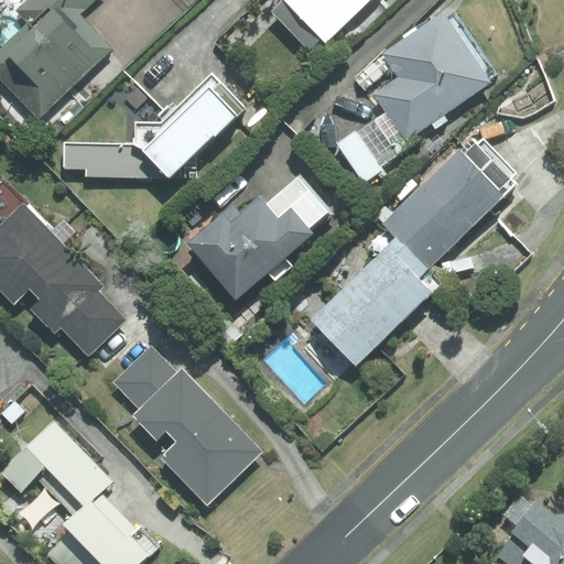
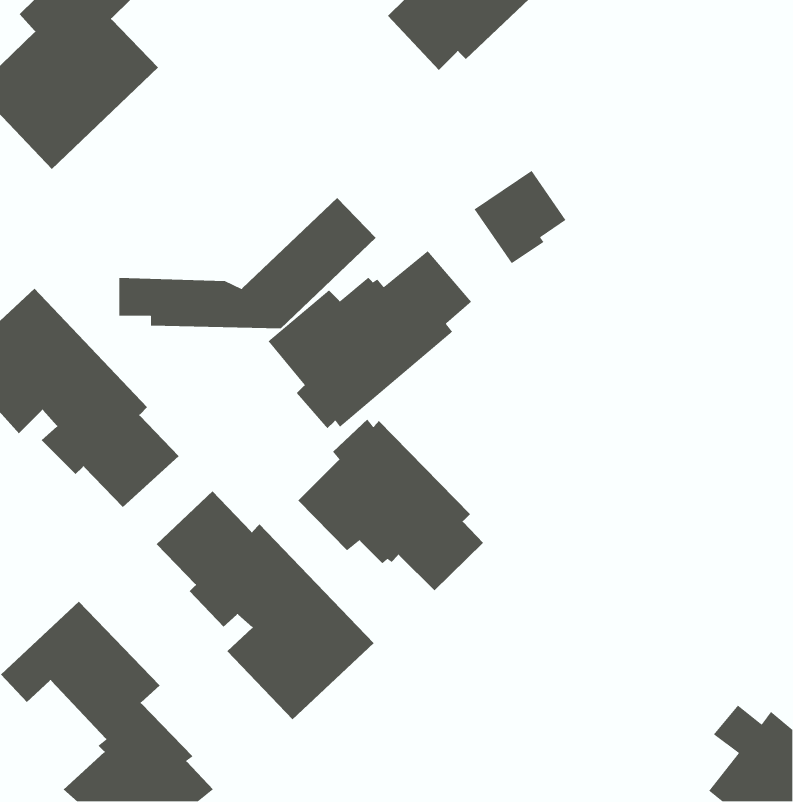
building: [371,12,491,142] -> none
building: [62,85,242,177] -> [119,197,377,329]
building: [313,137,519,364] -> none
building: none -> [298,418,484,591]

